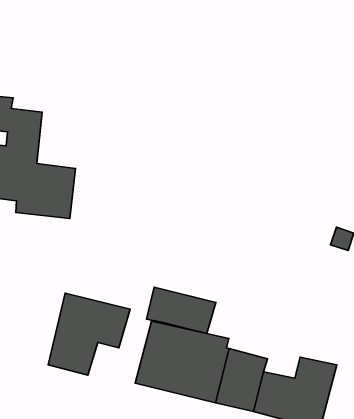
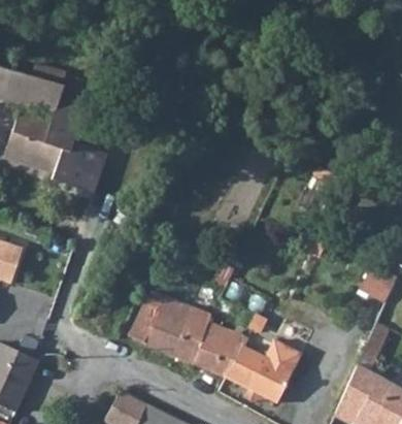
building: [146,287,216,334] -> none
building: [48,293,130,375] -> none

